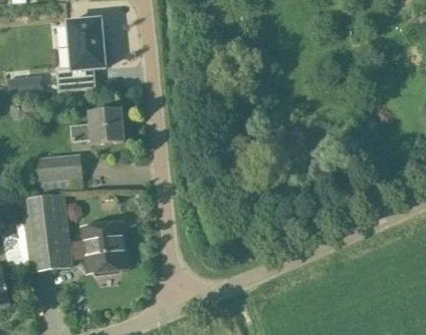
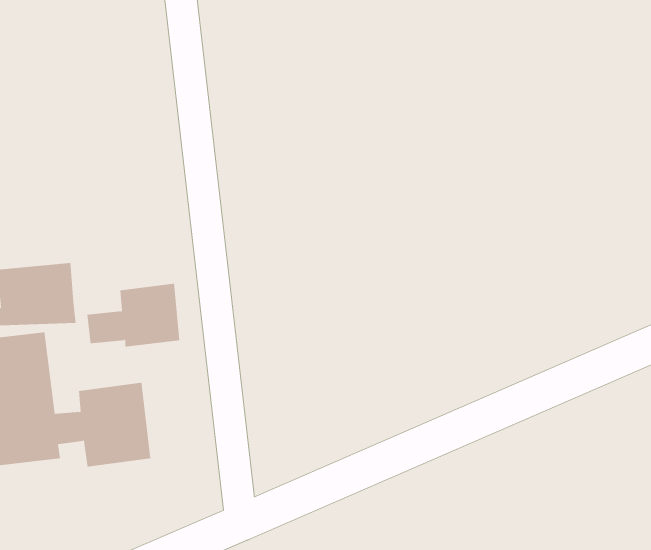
building: [55,19,103,90] -> none
building: [70,106,125,143] -> [86,283,180,347]

